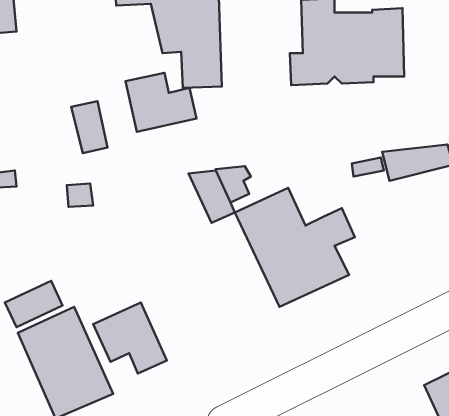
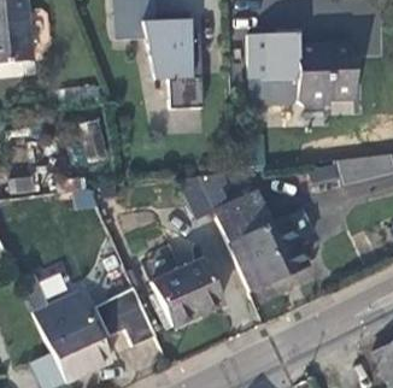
building: [126,73,197,132] -> none
building: none -> [152,259,221,324]

